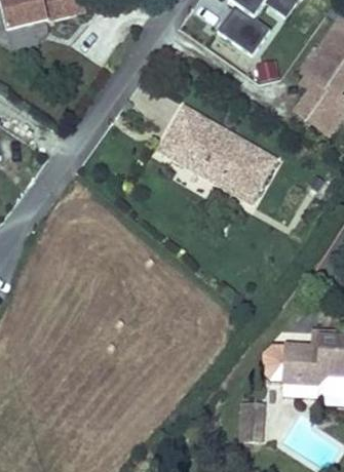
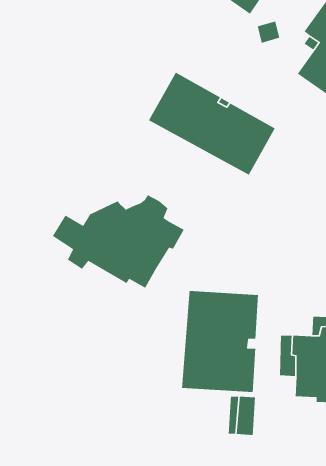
building: none -> [52,194,185,289]
building: none -> [181,290,259,393]

